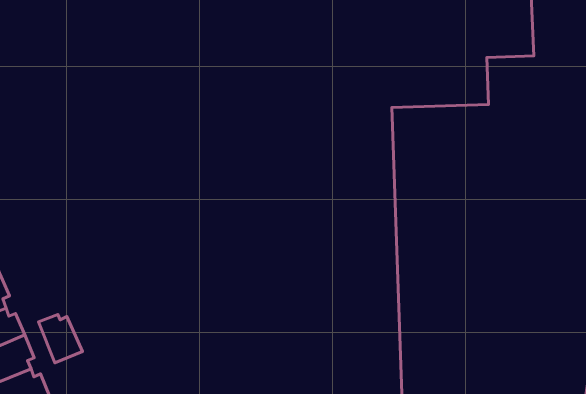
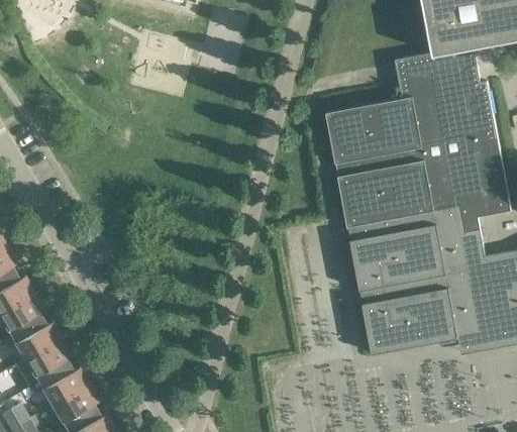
building: [38,314,82,363] -> none

